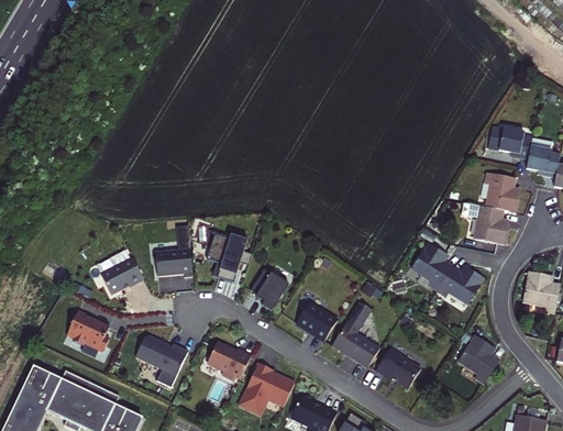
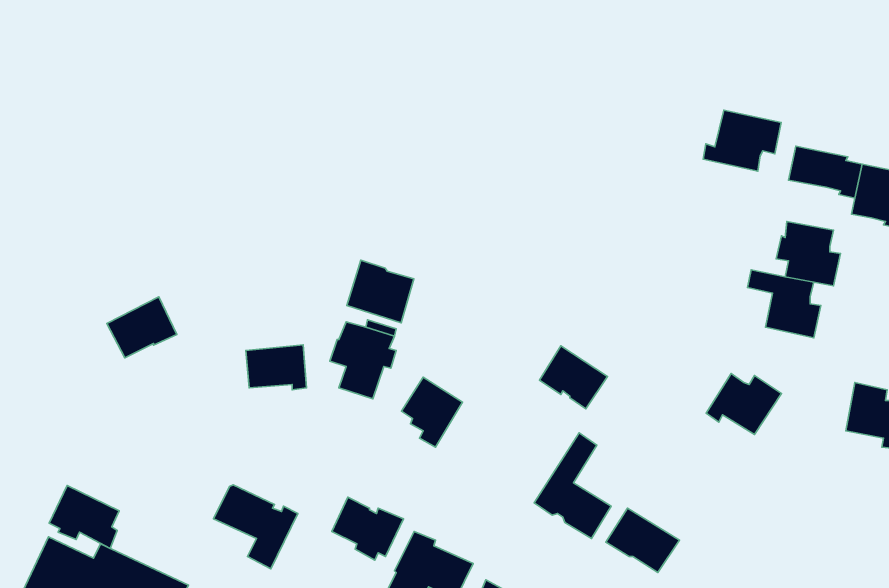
building: none -> [703,110,781,171]
building: none -> [347,260,414,323]
building: [412,243,453,290] -> none
building: [100,256,143,294] -> [107,297,177,358]
building: [296,301,338,340] -> [539,346,607,409]
building: [66,311,109,350] -> [49,486,119,548]
building: [459,335,499,383] -> none

